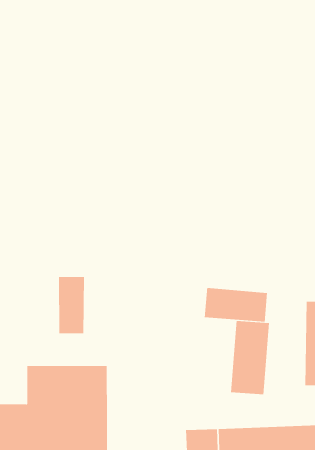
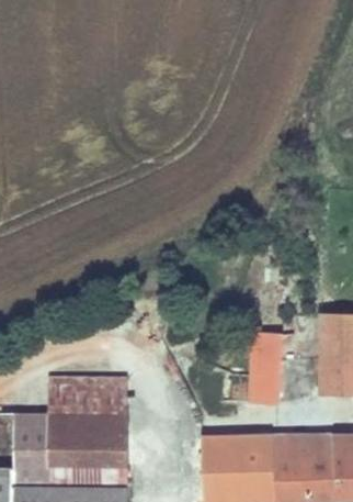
building: [59,276,85,334] -> none
building: [204,287,268,322] -> none

